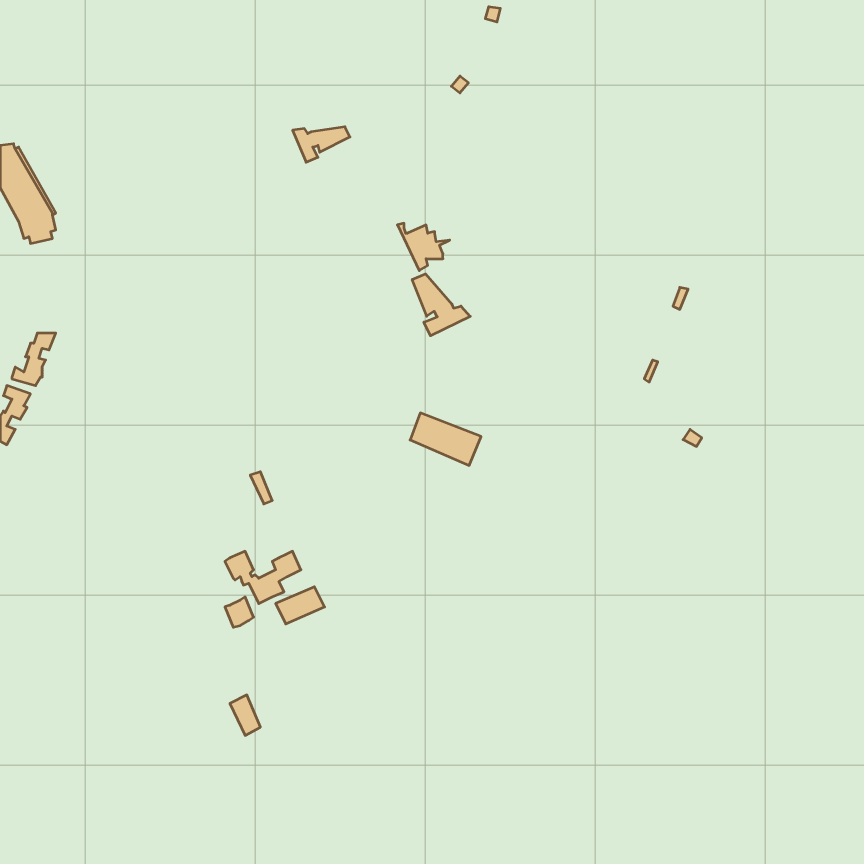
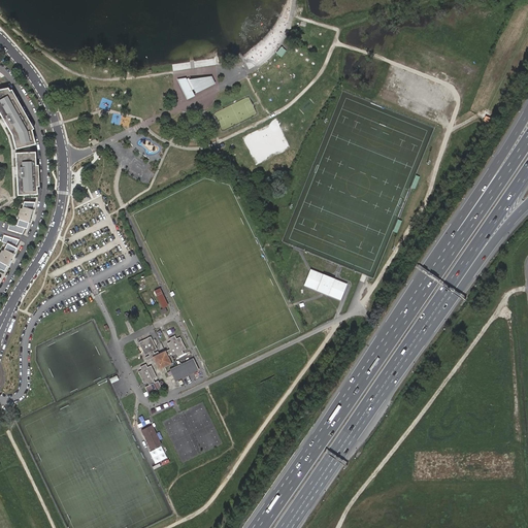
building: none -> [15,153,37,196]
building: [412,274,470,336] -> none
building: [410,413,481,465] -> [304,269,348,301]

